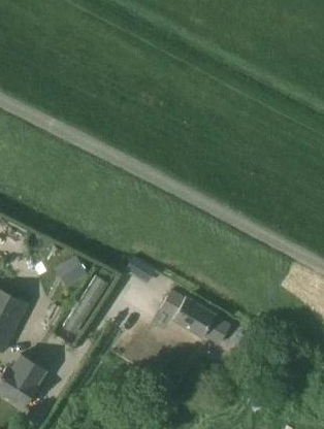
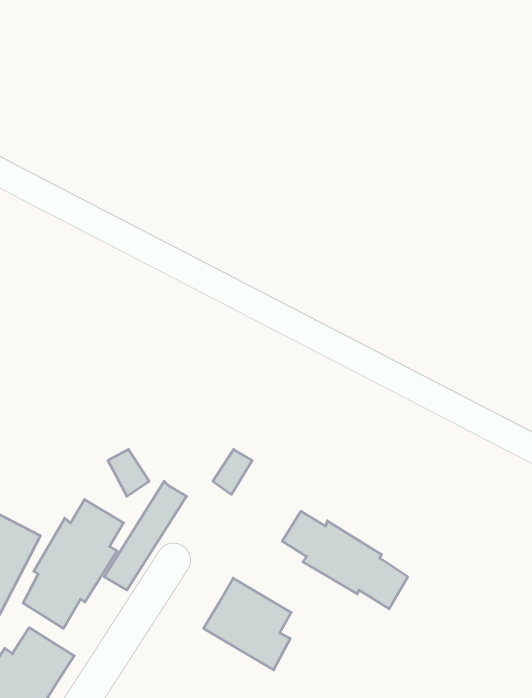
building: none -> [23,499,124,628]
building: none -> [204,578,291,670]

